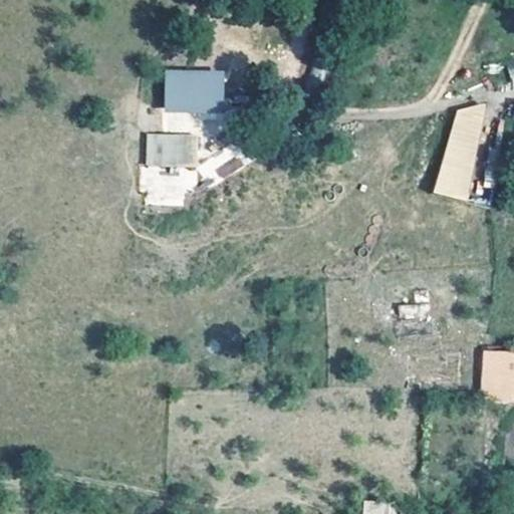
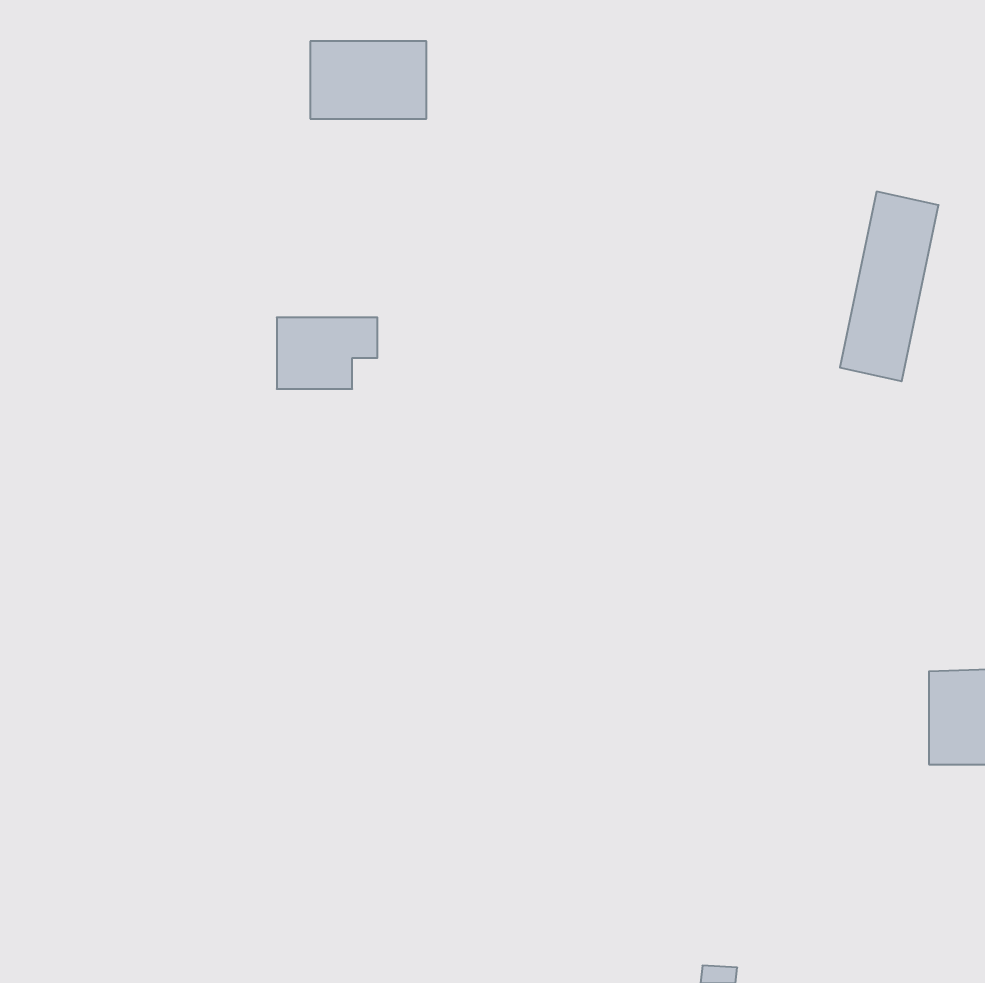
building: [163,74,223,114] -> [310,41,426,119]
building: [147,131,197,163] -> none

